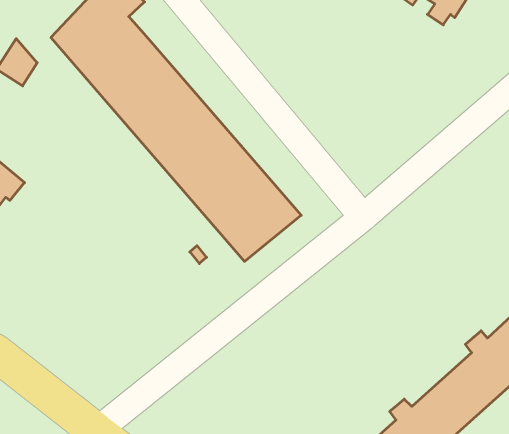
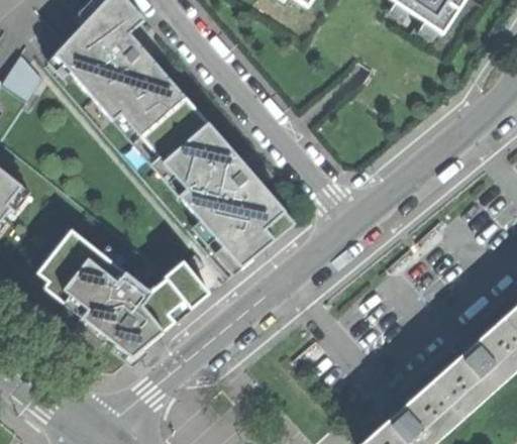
building: none -> [37,228,210,353]

